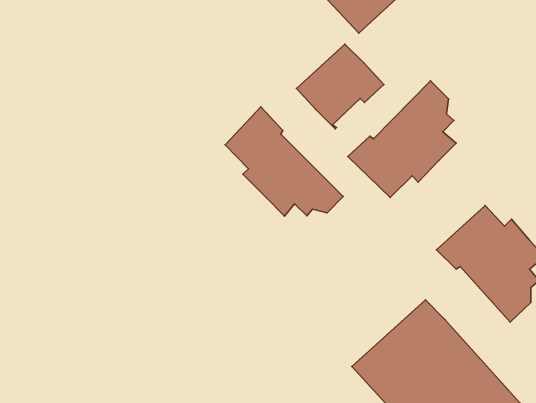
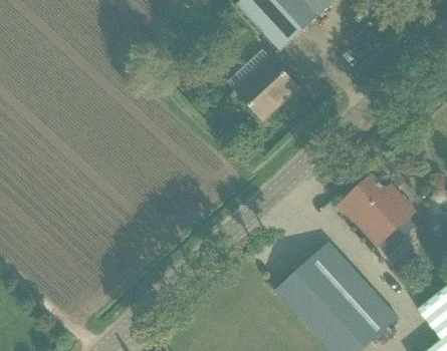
building: [348,81,456,197] -> none
building: [225,107,343,216] -> none

